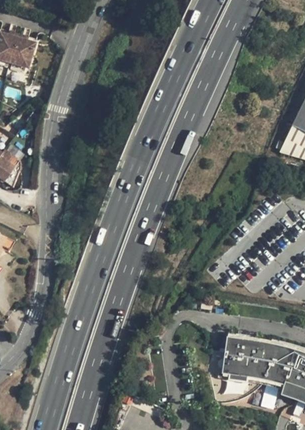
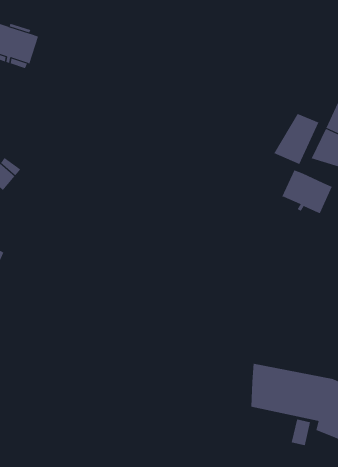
building: none -> [273,113,319,165]
building: none -> [281,169,333,214]

